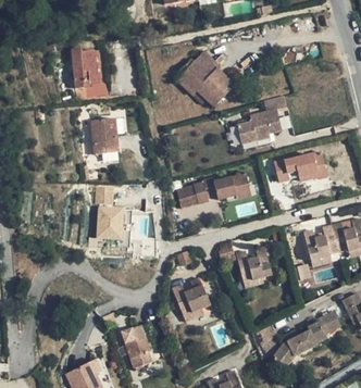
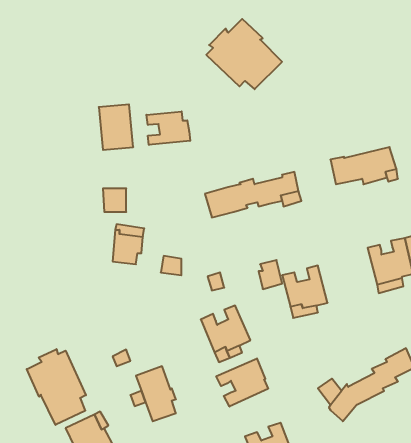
building: [71,48,98,88] -> none
building: [237,96,288,145] -> none
building: none -> [146,111,190,145]
building: none -> [27,349,86,425]
building: none -> [216,358,268,407]

